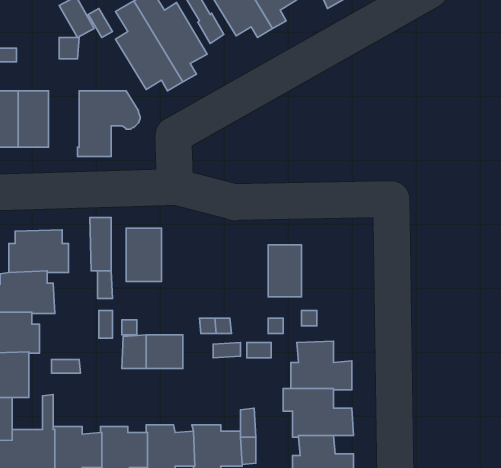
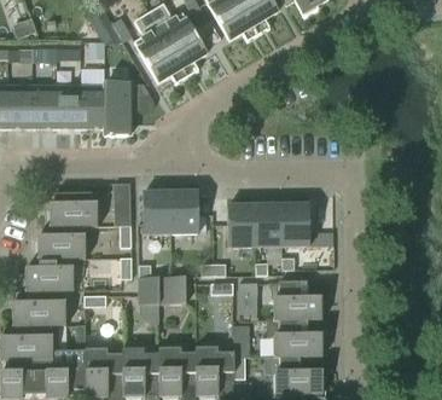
building: none -> [81,82,105,127]
building: none -> [170,191,198,233]
building: none -> [281,203,309,245]
building: none -> [227,204,255,247]

